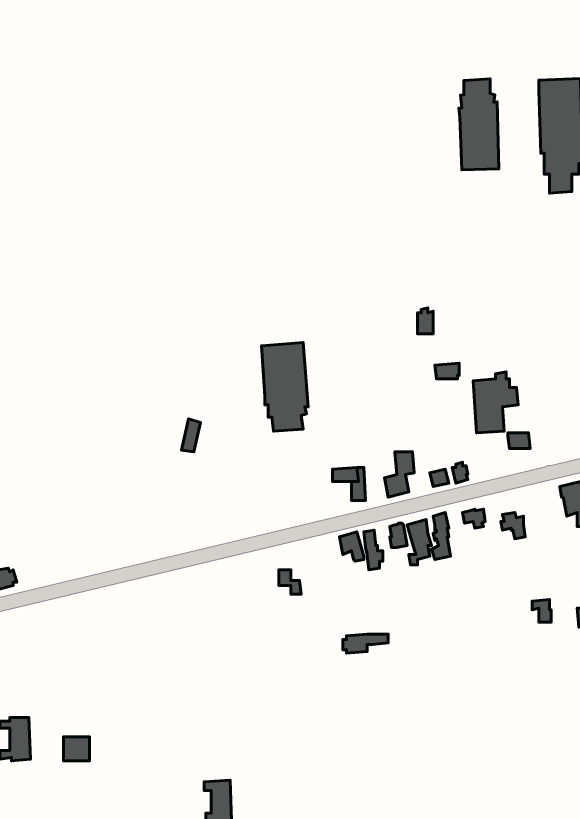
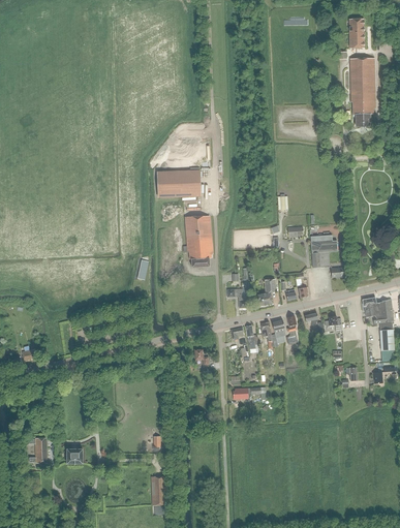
building: none -> [348,18,364,48]
building: [459,79,499,170] -> none
building: none -> [156,167,198,196]

